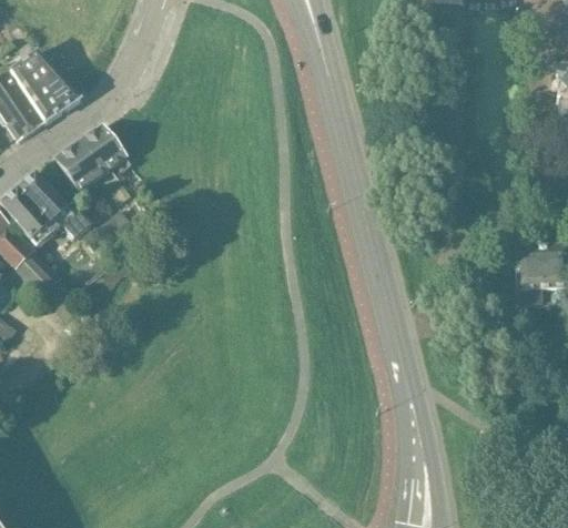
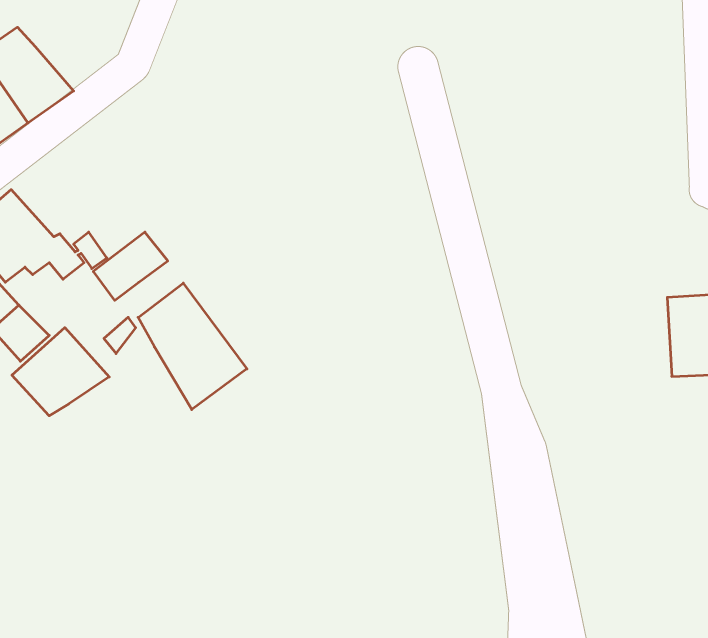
building: [55,123,126,190] -> none
building: none -> [138,283,247,410]
building: none -> [12,328,109,416]

